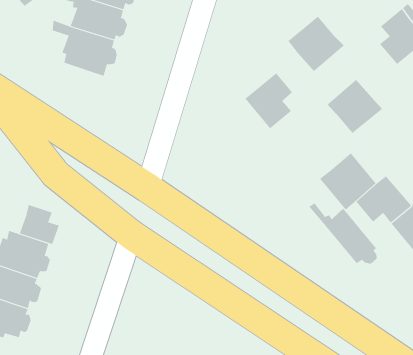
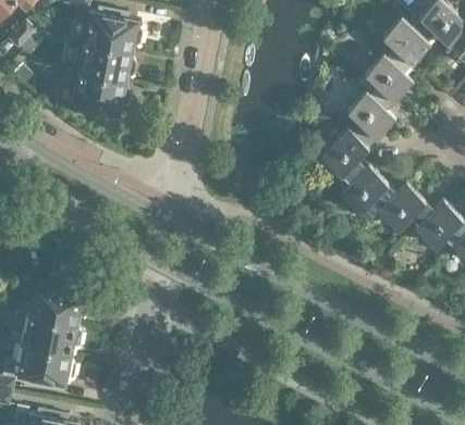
building: [288,16,345,72] -> [356,54,413,110]
building: [245,72,293,129] -> [320,128,368,185]
building: [309,203,377,264] -> none
building: [19,204,59,245] -> none

